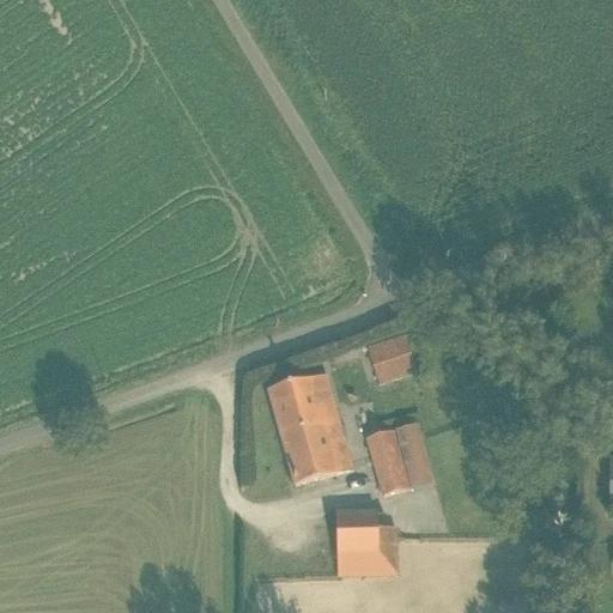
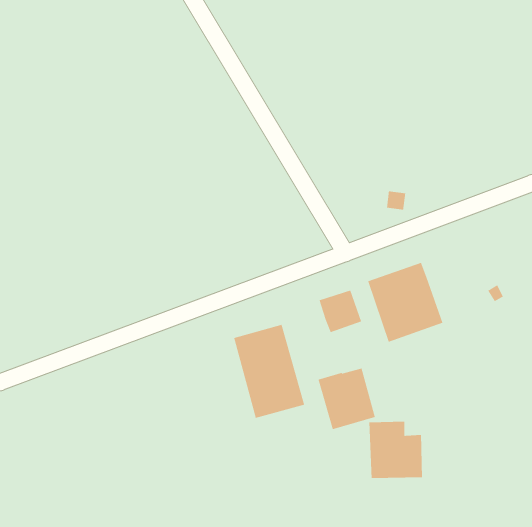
building: none -> [367,262,444,343]
building: [335,508,397,575] -> [369,421,423,479]

